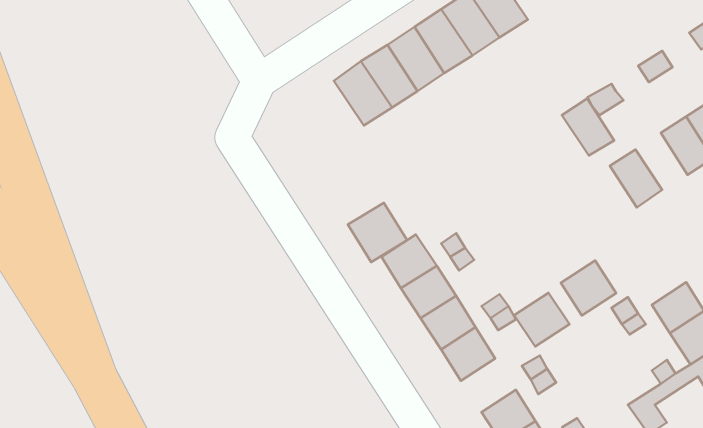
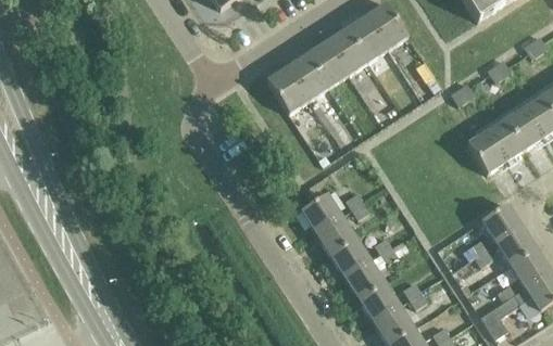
building: [562,99,614,155] -> [485,118,523,159]
building: [348,203,407,262] -> none
building: [561,260,616,316] -> [481,203,521,243]
building: [514,293,569,346] -> [357,282,398,321]

